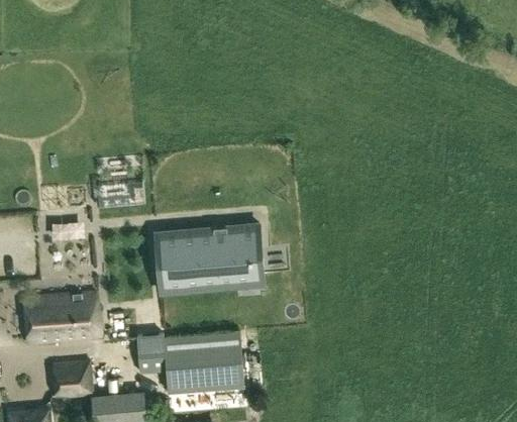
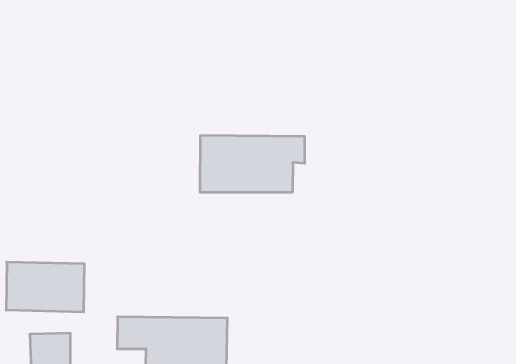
building: [154,226,255,287] -> [200,136,305,192]

